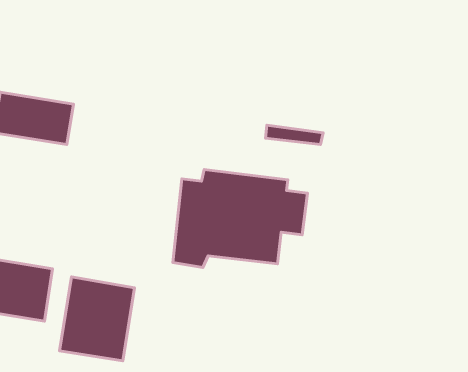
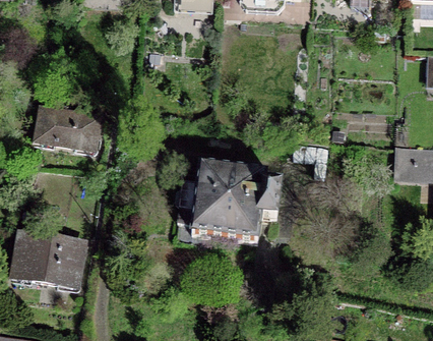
building: [59,277,135,361] -> none

